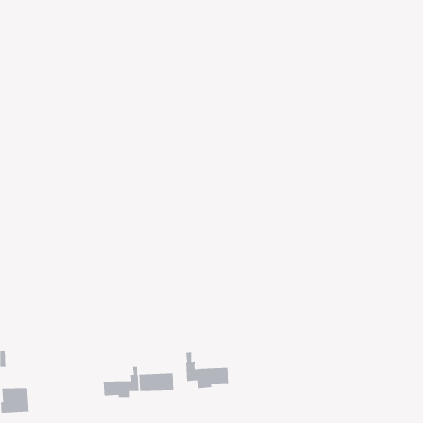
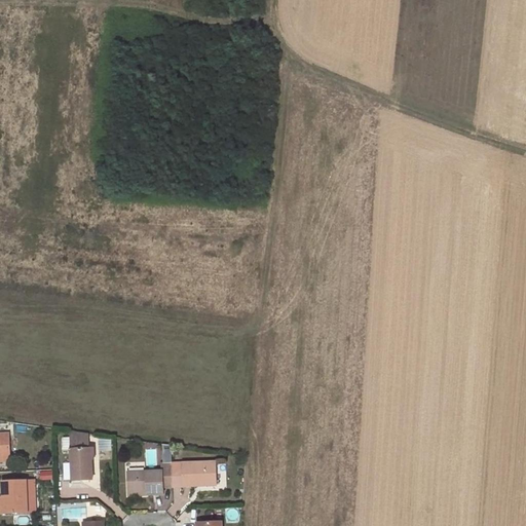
building: none -> [70,429,91,480]
building: [185,352,229,389] -> none

